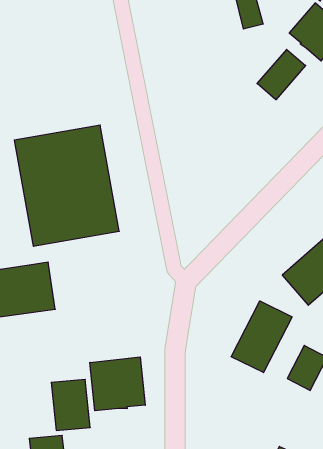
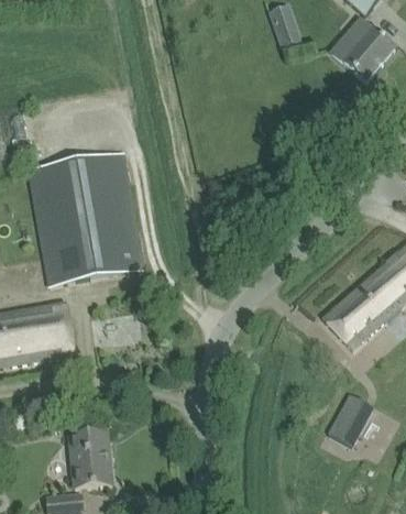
building: [257,49,306,100] -> none
building: [231,301,292,373] -> none
building: [90,357,145,411] -> none

